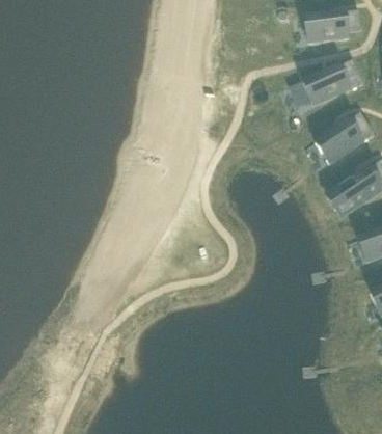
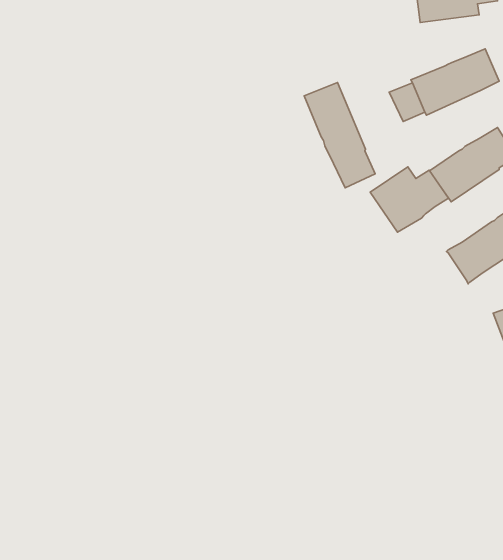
building: none -> [304,83,375,188]
building: none -> [370,167,448,232]

